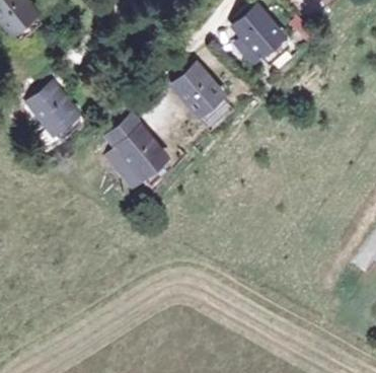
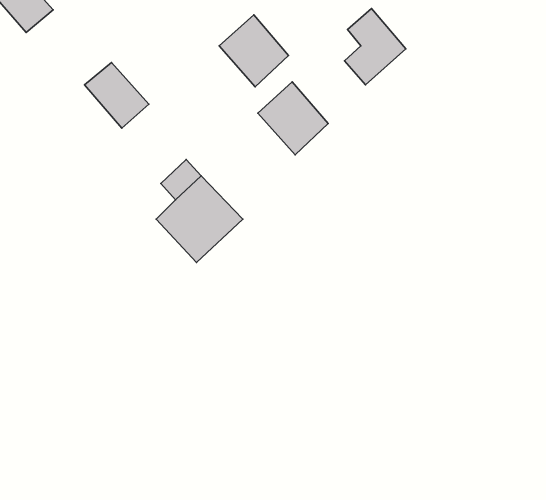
building: none -> [219,15,289,87]
building: [33,85,77,130] -> [85,62,149,128]

